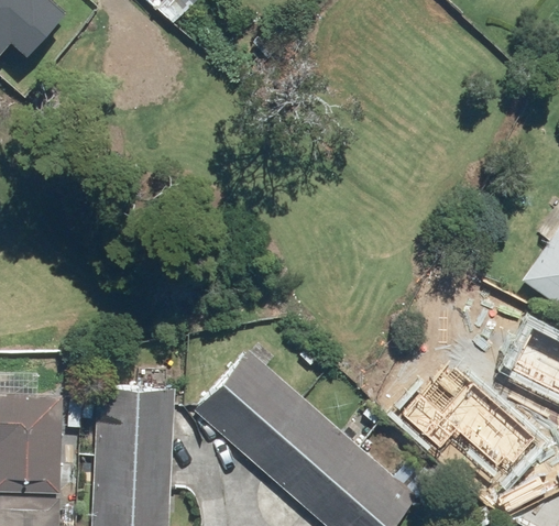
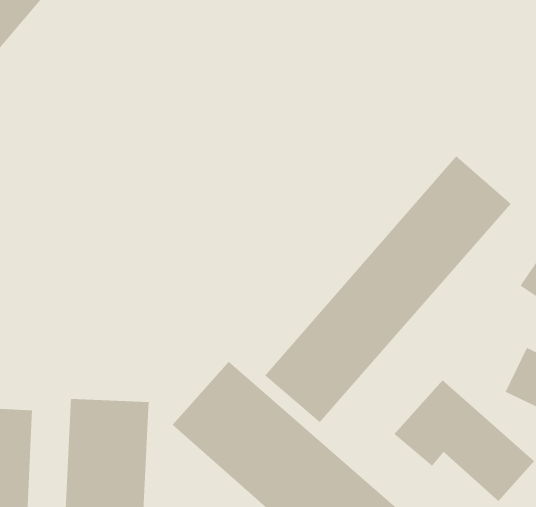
building: none -> [264,155,512,423]

